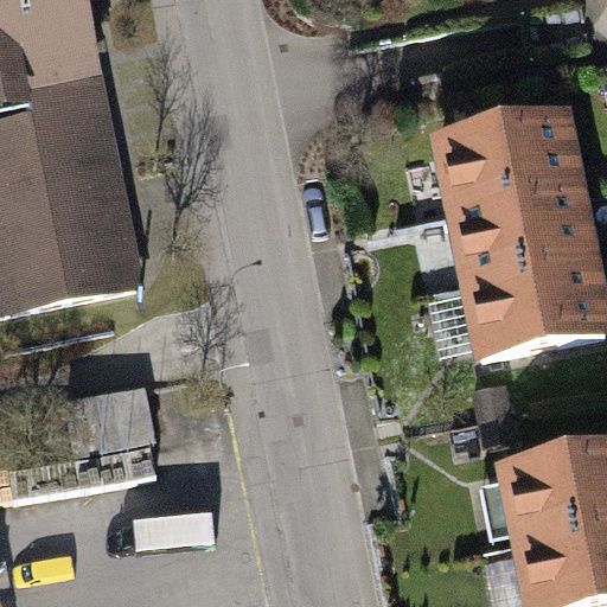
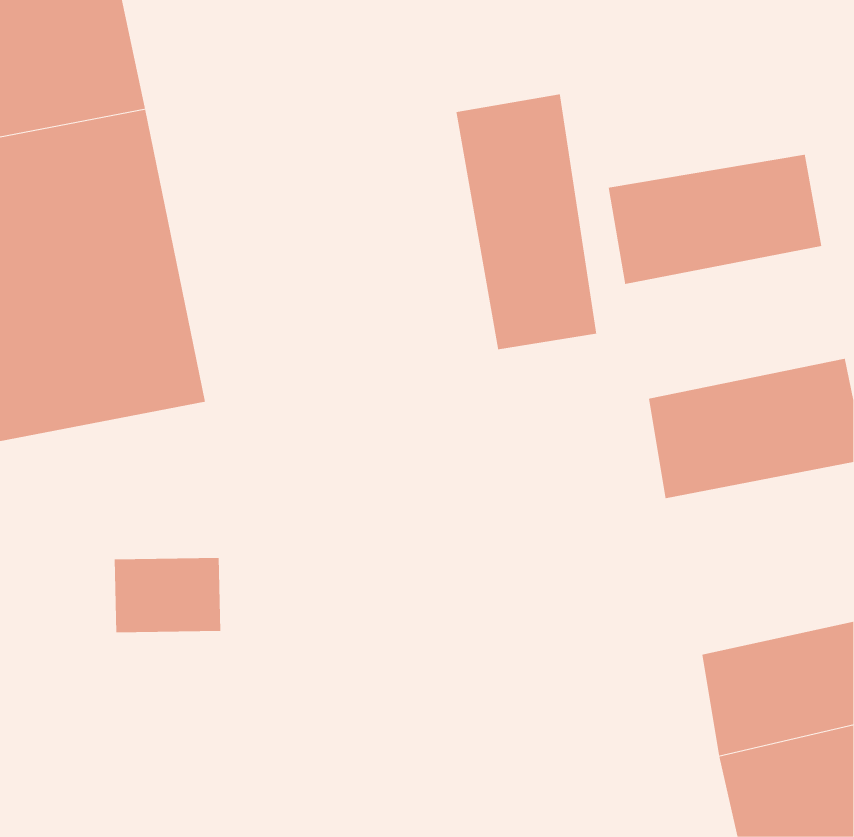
building: none -> [456,93,597,350]
building: [442,174,599,282] -> none

